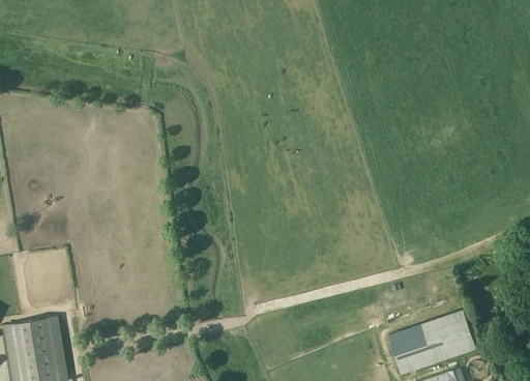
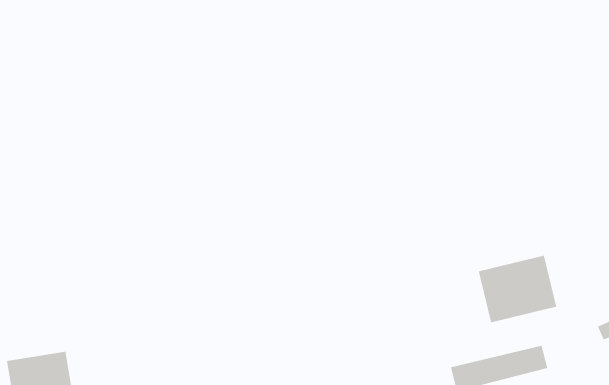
building: none -> [478,255,557,323]

